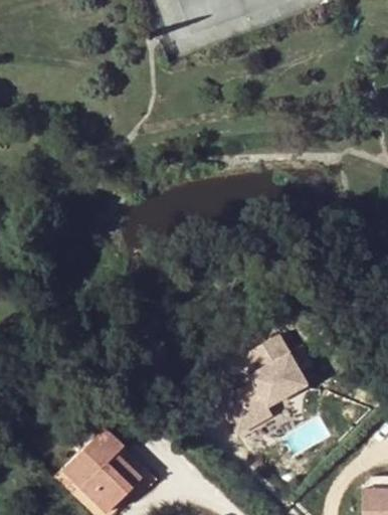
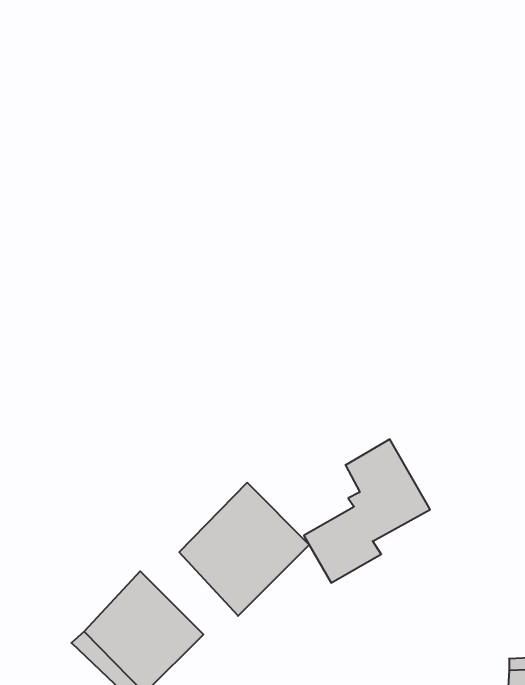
building: none -> [179,483,309,616]

